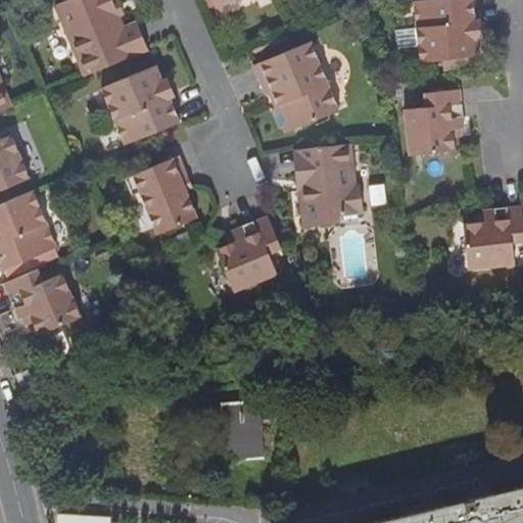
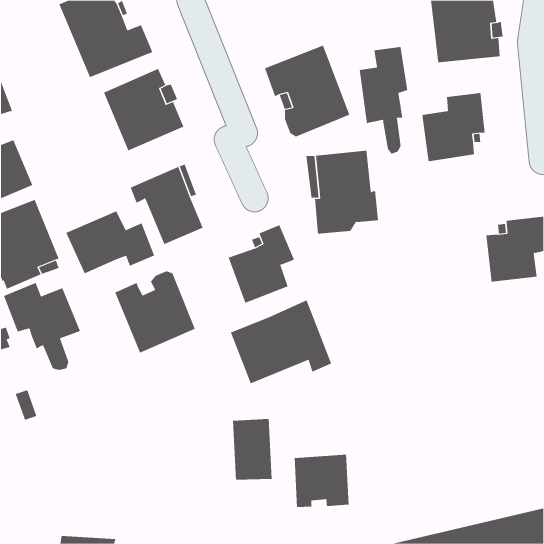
building: none -> [359,46,408,154]
building: none -> [66,211,155,274]
building: none -> [114,271,195,353]
building: none -> [230,299,332,384]
building: none -> [294,454,349,508]

